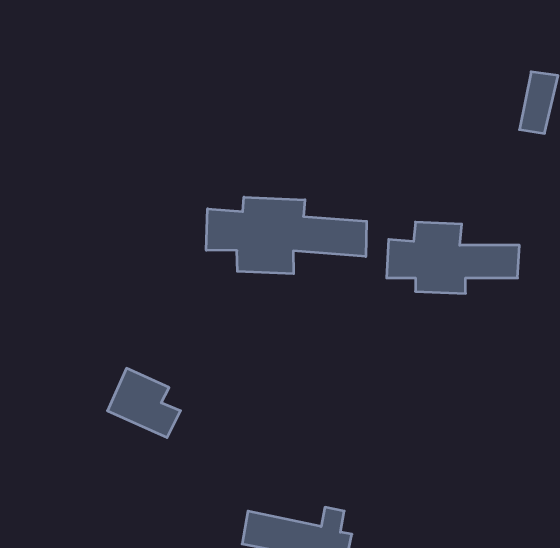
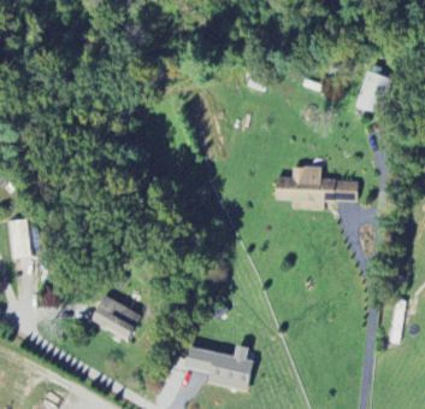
building: [206,197,367,274] -> none
building: [107,368,181,438] -> [90,294,136,338]

